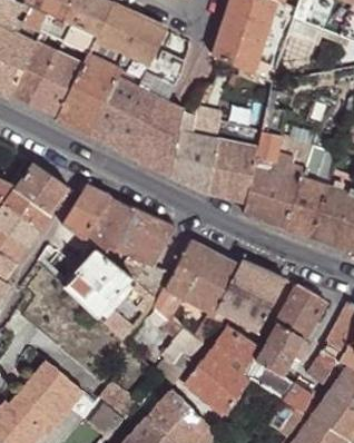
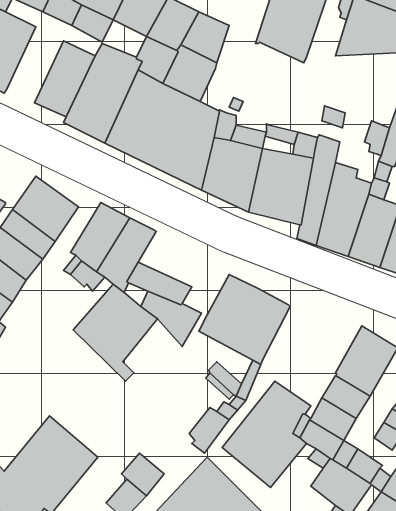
building: [11,42,57,104] -> none
building: [117,204,175,252] -> none
building: [217,259,286,331] -> none

